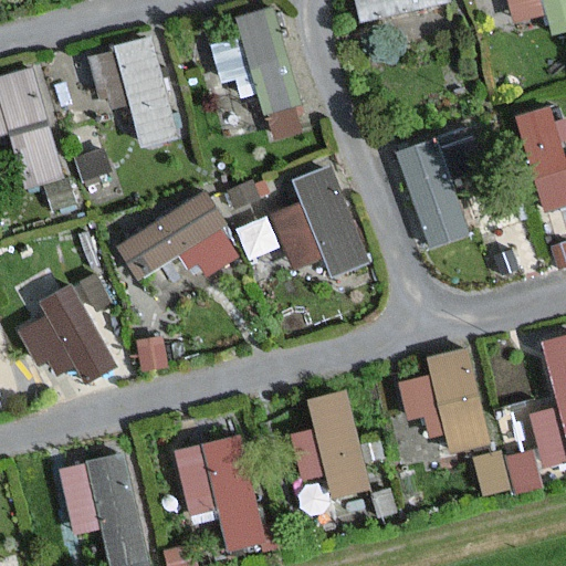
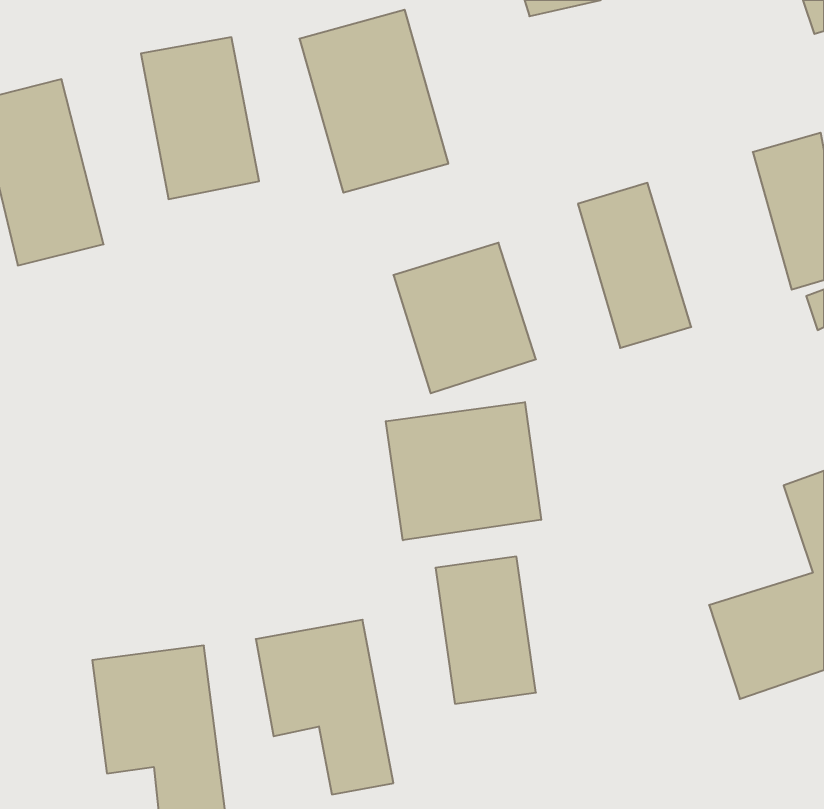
building: [116,197,240,279] -> none
building: none -> [386,402,541,540]
building: [14,291,119,388] -> none
building: [397,358,491,457] -> none

